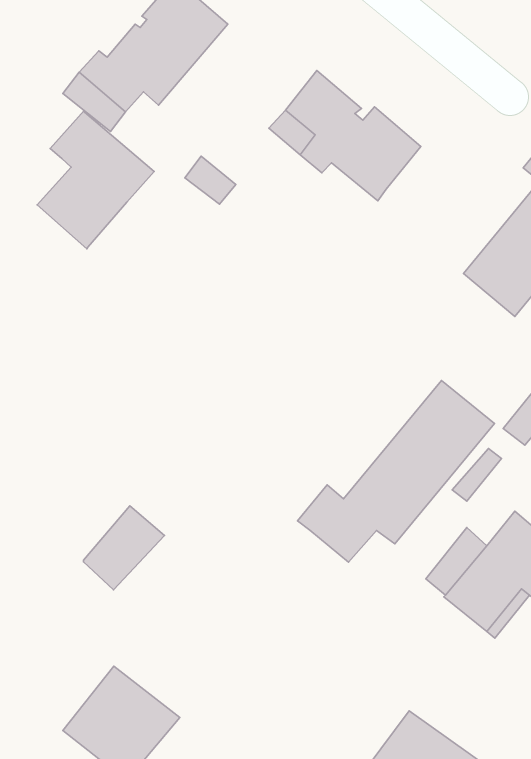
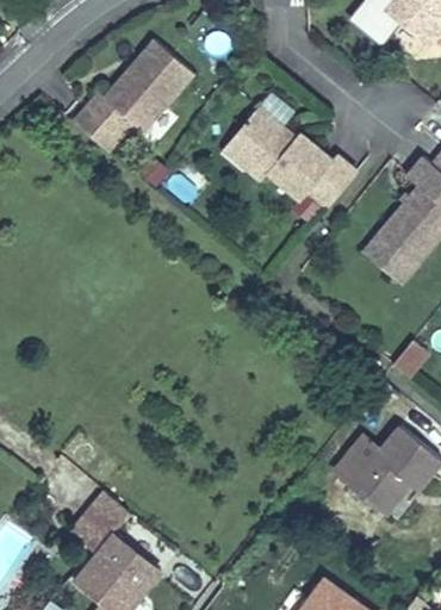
building: [37,111,154,249] -> none
building: none -> [308,155,356,207]
building: [298,381,494,562] -> none
building: [84,506,164,590] -> [70,490,129,550]

